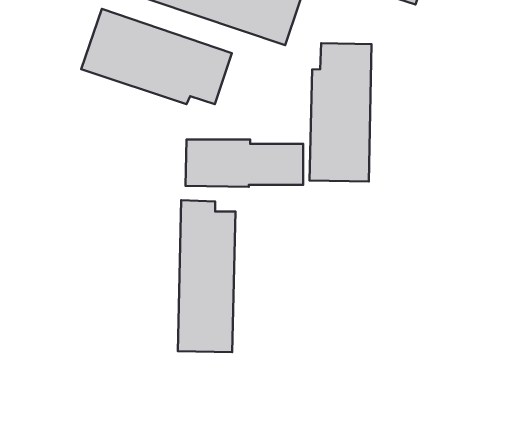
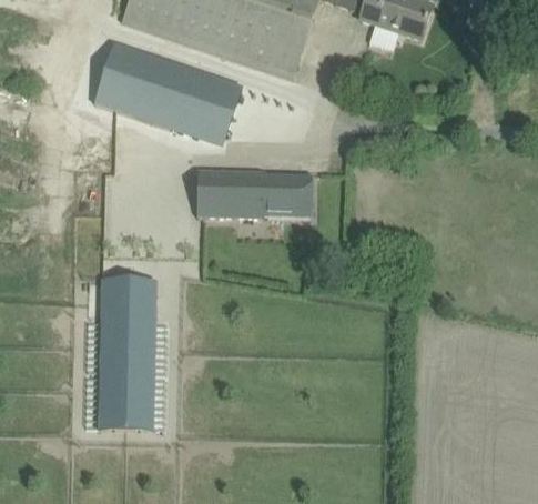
building: [310,43,371,181] -> none
building: [178,200,236,352] -> [99,280,155,429]

